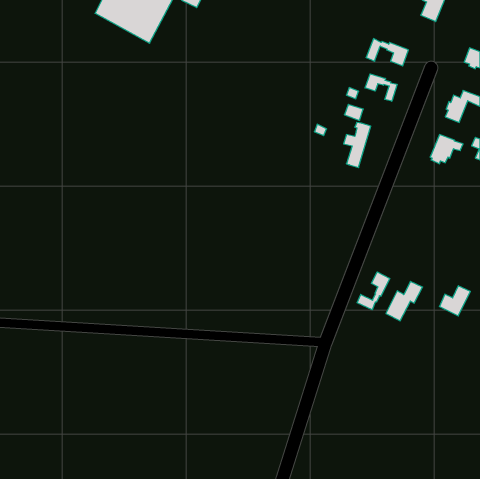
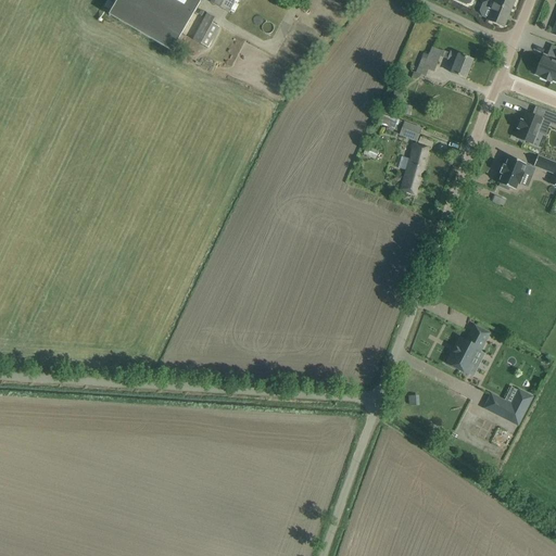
building: [365,74,397,101] -> none
building: [357,272,390,310] -> none
building: [439,286,470,316] -> [495,389,531,424]

